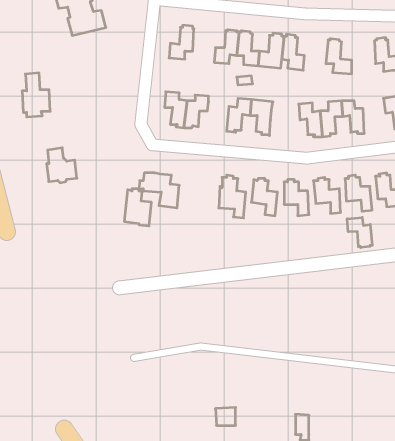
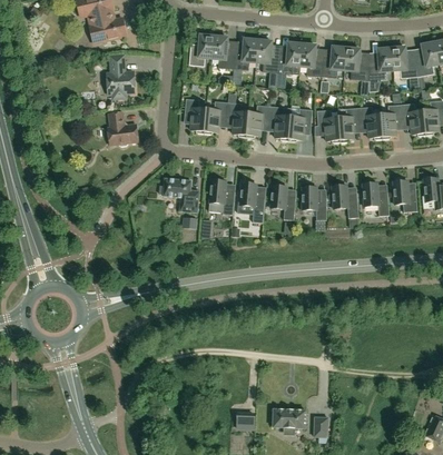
building: none -> [213,33,235,69]
building: none -> [322,44,346,78]
building: none -> [370,46,393,86]
building: [22,73,50,117] -> [107,55,135,98]
building: none -> [227,102,249,137]
building: none -> [381,105,403,139]
building: none -> [288,108,313,141]
building: [47,148,77,183] -> [108,111,138,146]
building: [124,189,151,226] -> [208,178,235,215]
building: [347,217,372,248] -> none
building: none -> [273,408,305,432]

